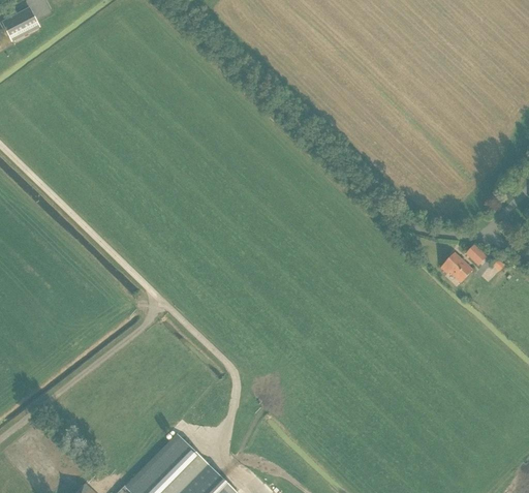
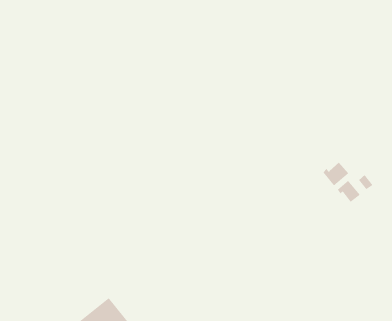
building: none -> [323,162,349,186]

